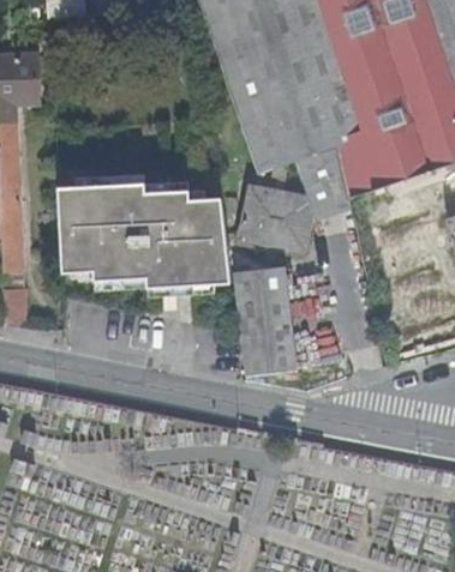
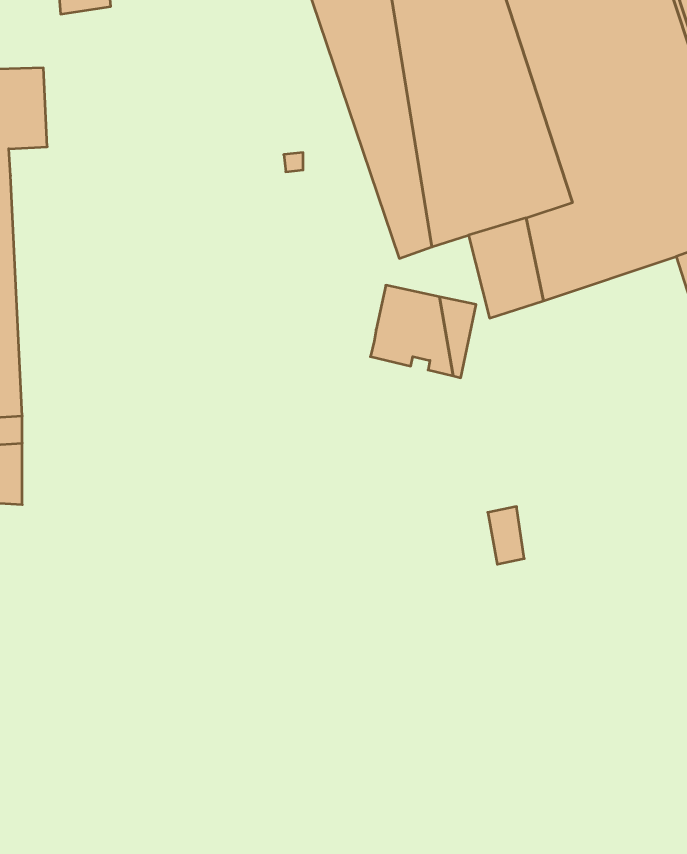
building: [58,181,231,283] -> none
building: [234,263,295,374] -> none

